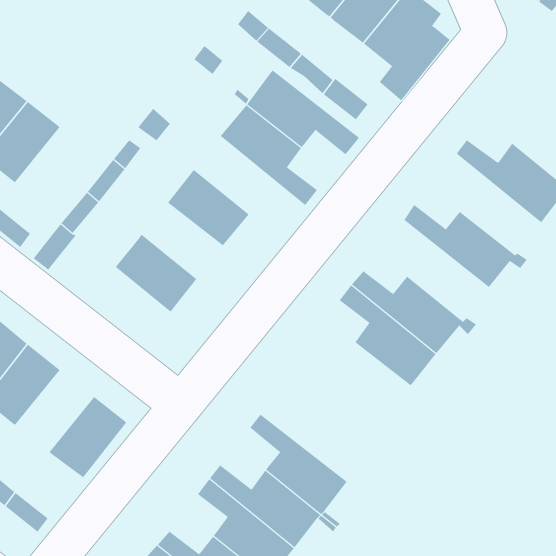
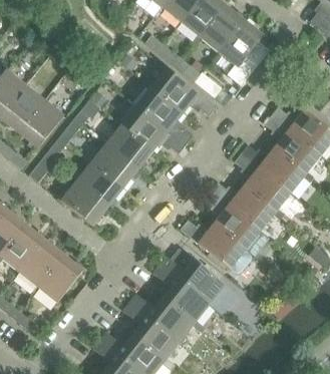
building: none -> [18,100,63,148]
building: none -> [120,105,185,153]
building: none -> [264,115,320,173]
building: none -> [90,143,137,188]
building: none -> [234,153,290,212]
building: none -> [59,180,107,226]
building: none -> [180,220,254,273]
building: none -> [18,240,63,287]
building: none -> [158,245,238,315]

